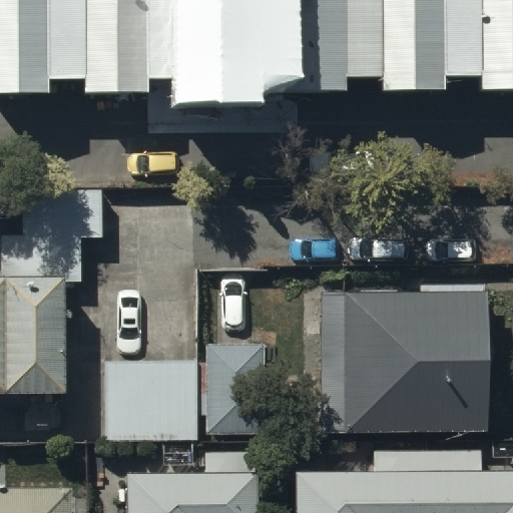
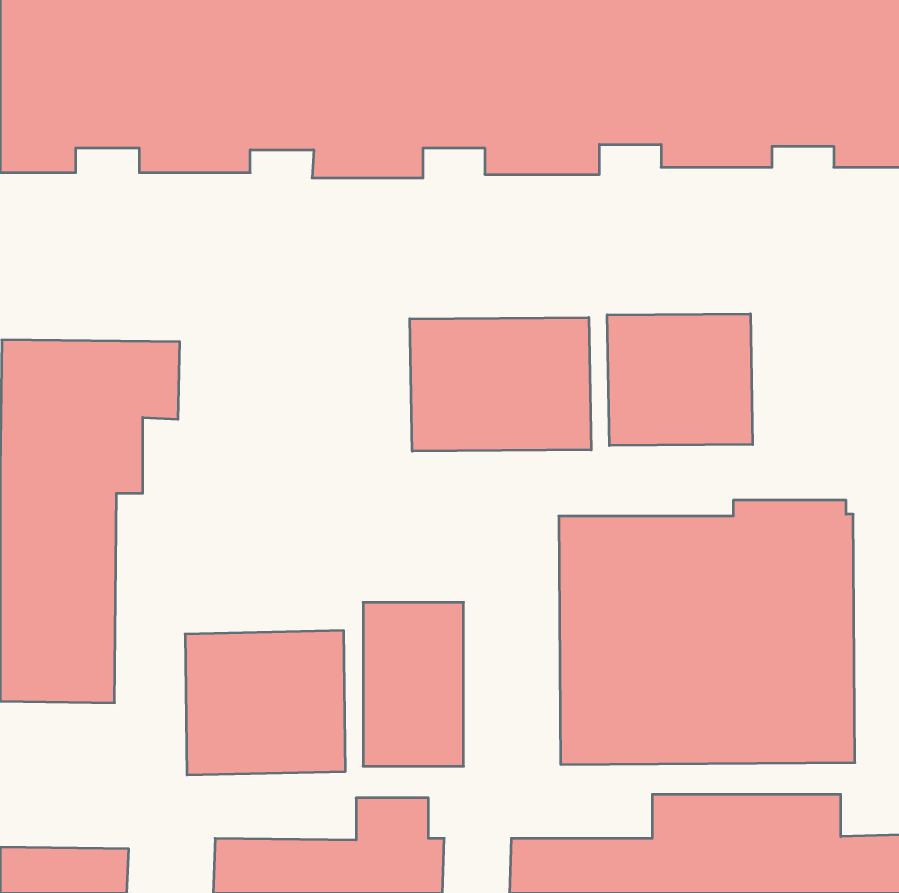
building: none -> [607,314,753,446]
building: none -> [410,317,591,451]

